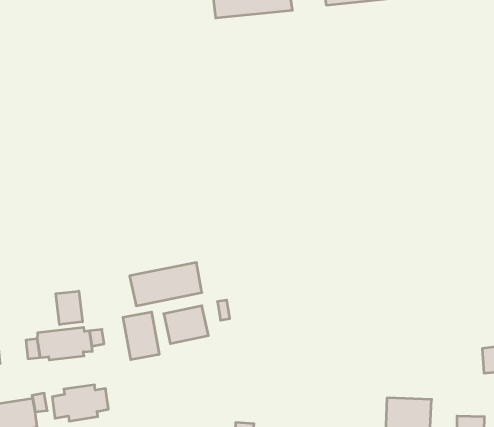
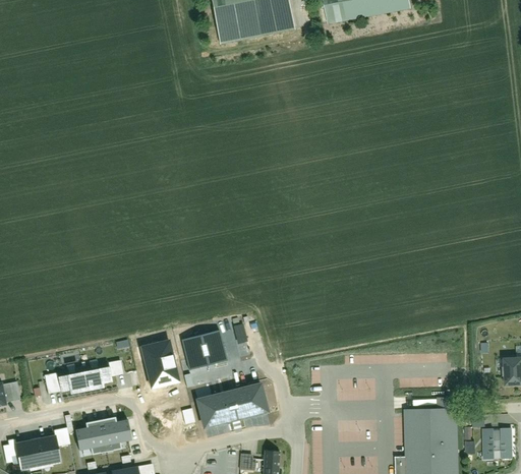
building: [130,263,202,306] -> [196,383,270,430]
building: [56,291,82,325] -> none

